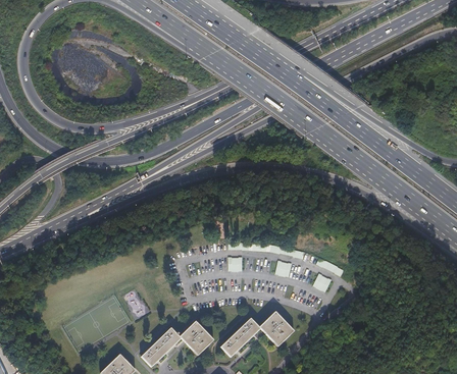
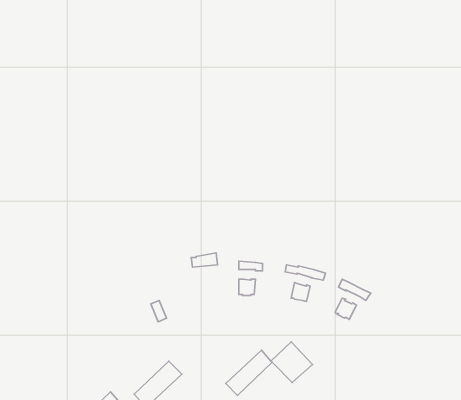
building: [179,320,213,355] -> none

